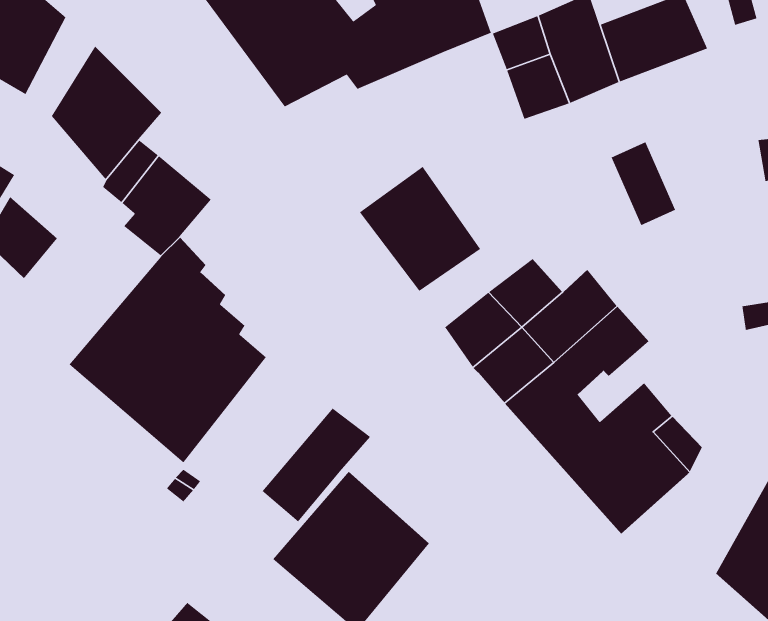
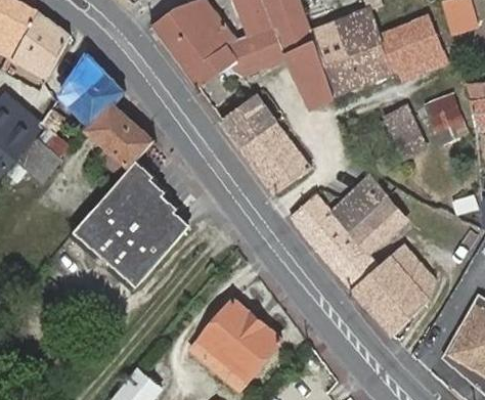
building: none -> [288,43,334,105]
building: none -> [218,93,275,146]
building: none -> [422,96,461,133]
building: [261,408,371,523] -> none

